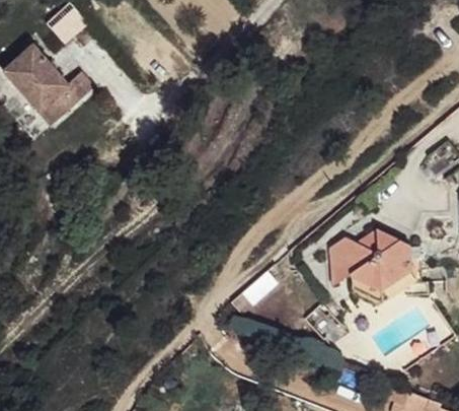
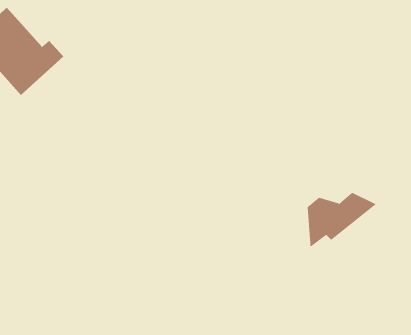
building: [357,243,411,291] -> none

